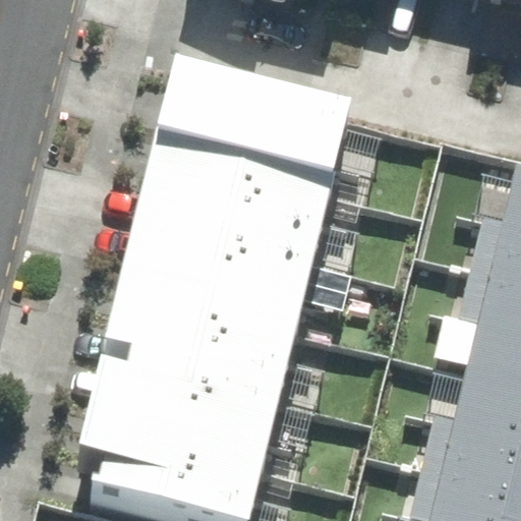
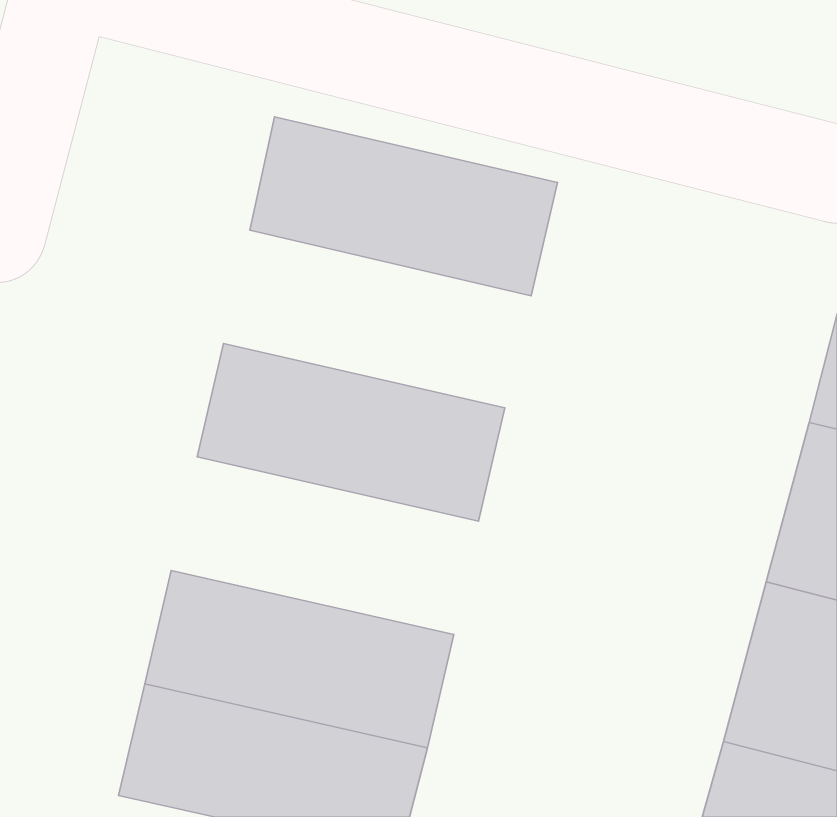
building: [138,142,329,252] -> none
building: [106,283,296,393] -> none

